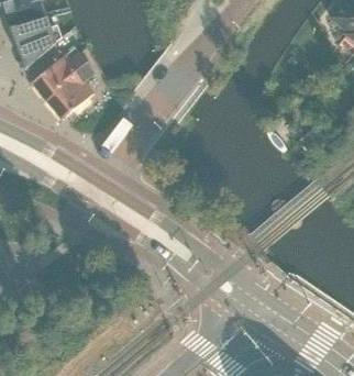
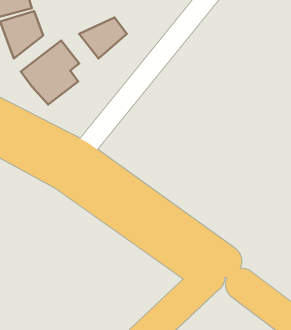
building: none -> [79,18,127,58]

